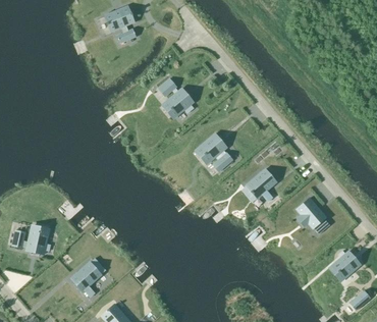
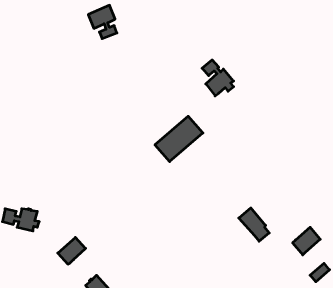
building: [158,78,193,118] -> [202,60,234,96]
building: [247,169,276,198] -> none
building: [295,198,329,234] -> [239,208,269,241]

